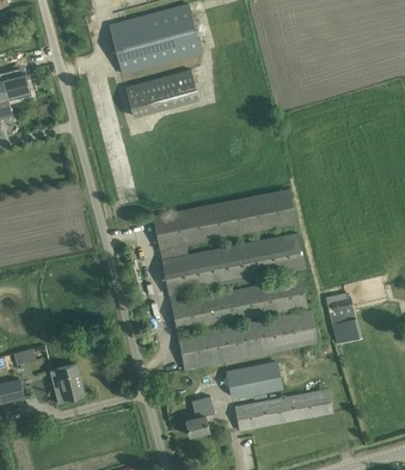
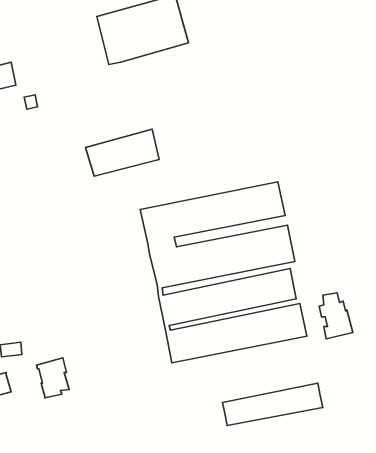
building: [124,69,197,116] -> [86,129,159,176]
building: [226,361,280,398] -> none
building: [185,396,214,435] -> none

